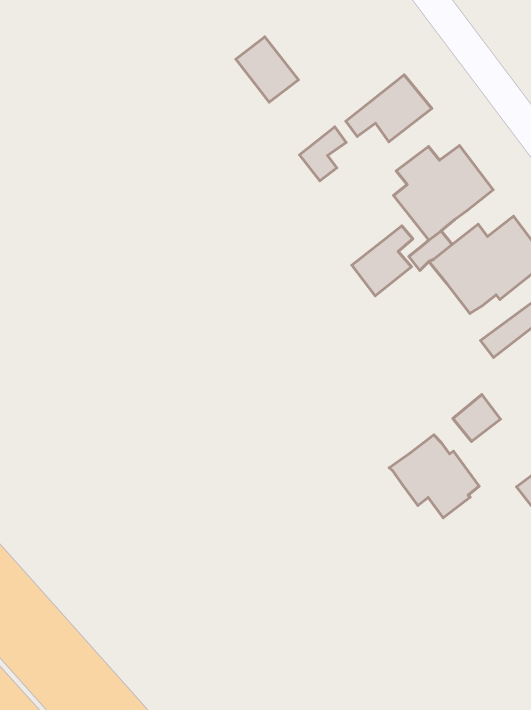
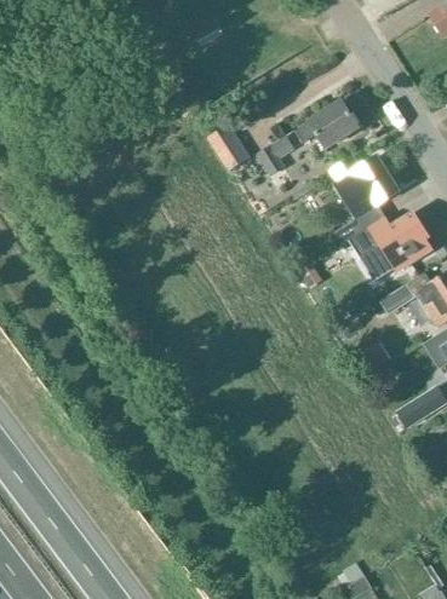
building: [236,37,298,102] -> [206,122,251,171]
building: [352,226,413,296] -> none
building: [389,435,479,518] -> none

